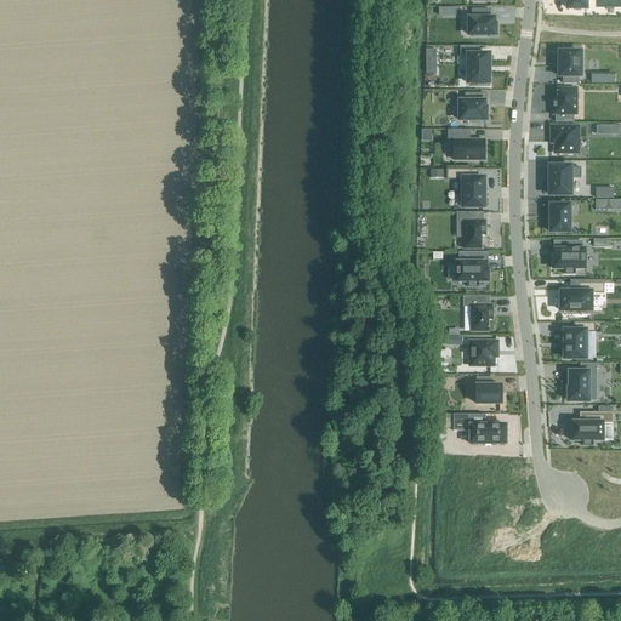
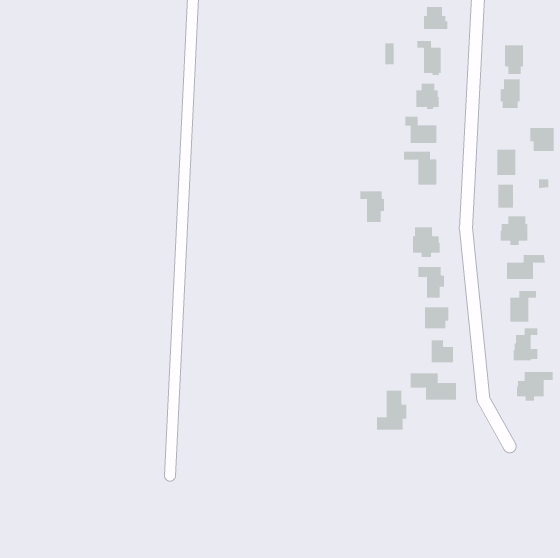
building: [551,125,579,152] -> [529,127,555,152]
building: [457,211,485,246] -> [360,191,385,222]
building: none -> [376,390,407,431]

